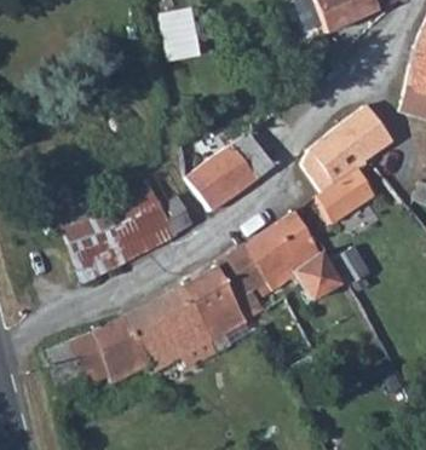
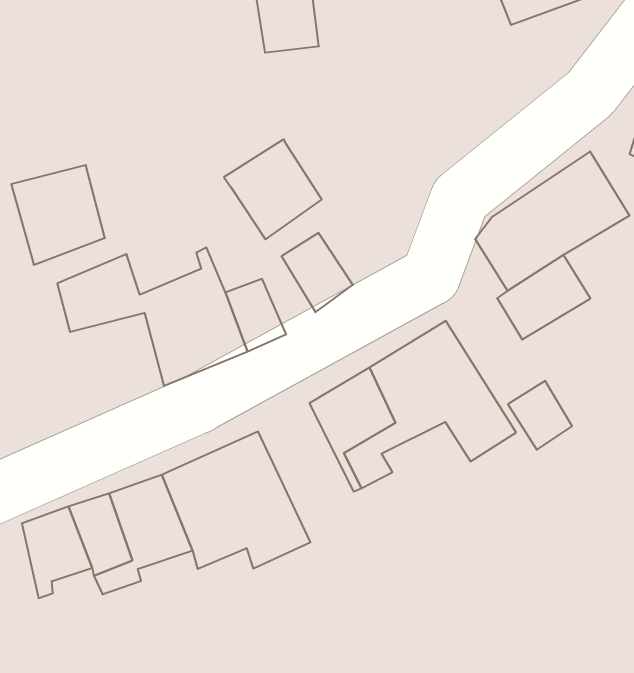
building: [207,132,267,194] -> [224,139,322,239]
building: [64,219,123,282] -> [11,165,105,265]
building: [183,270,243,352] -> none

